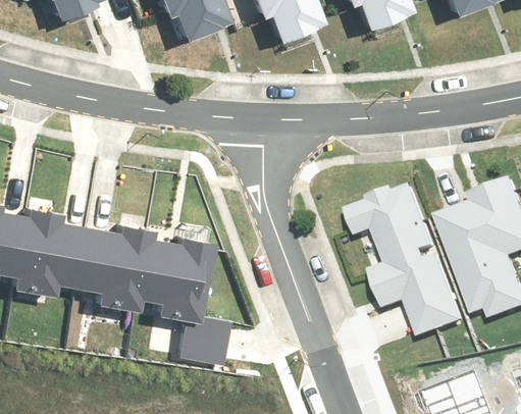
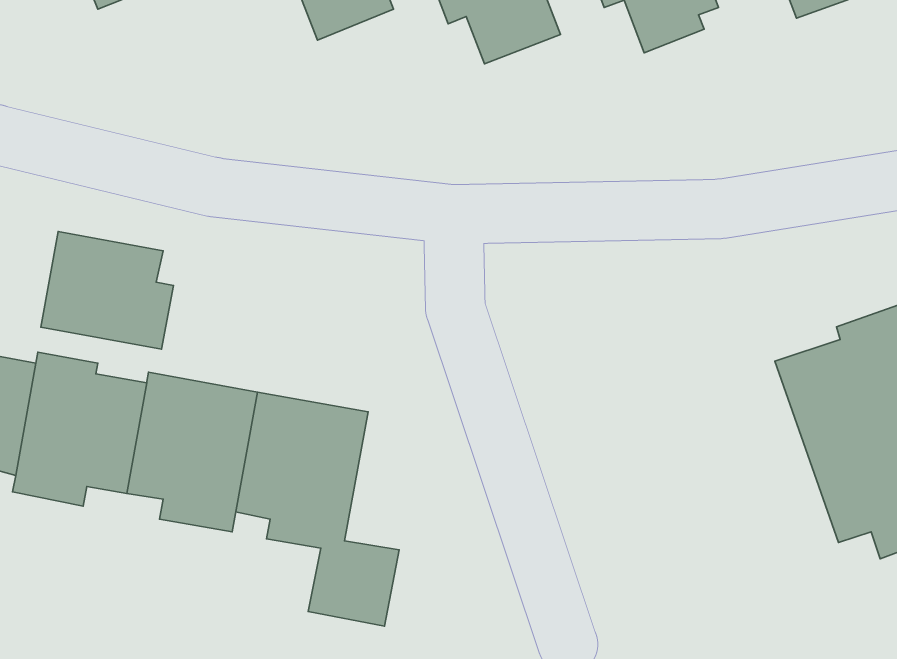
building: none -> [41,231,174,349]
building: [358,186,472,345] -> none

